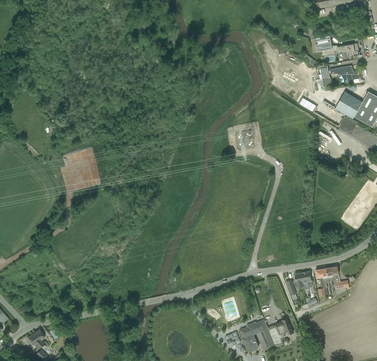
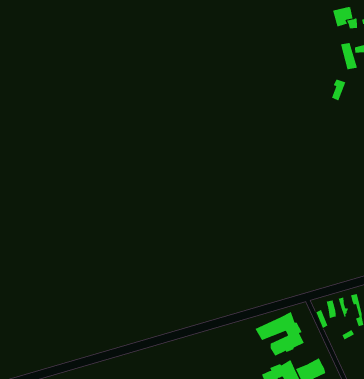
building: none -> [254,311,304,357]

